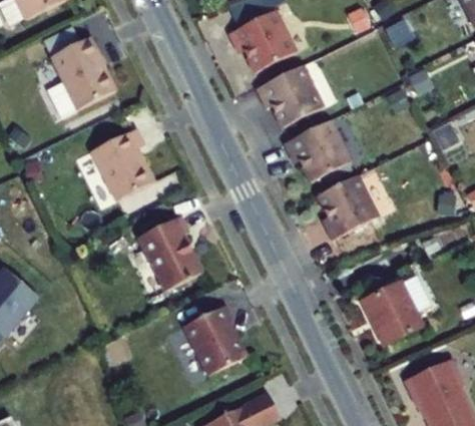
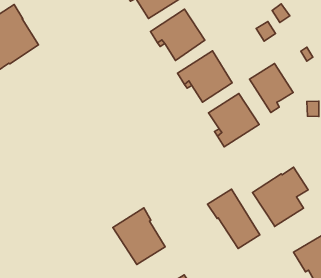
building: [91,128,154,199] -> none
building: none -> [249,63,293,113]
building: [138,216,202,290] -> none
building: none -> [207,189,260,248]

